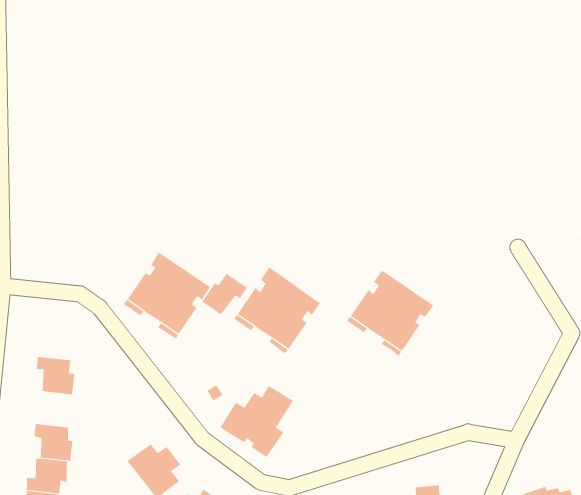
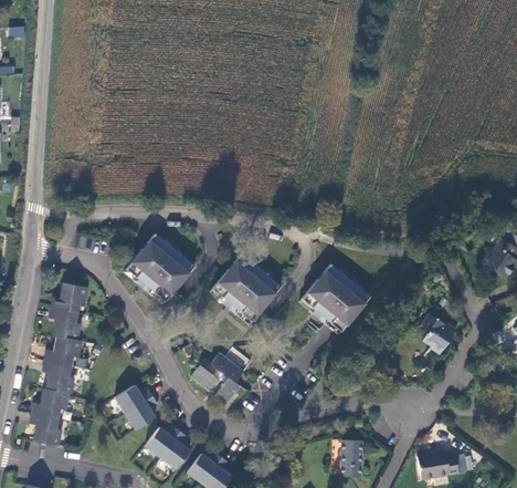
building: [201,273,248,315] -> none
building: none -> [422,312,457,353]
building: none -> [52,282,87,313]
building: none -> [45,336,82,366]

